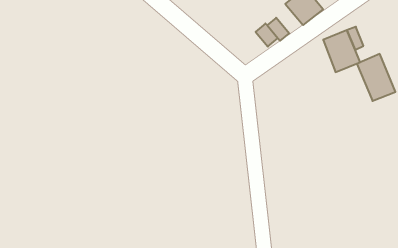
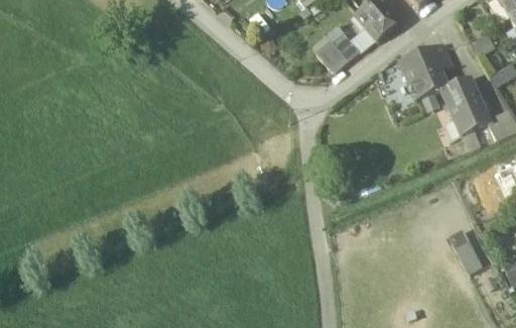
building: none -> [449,227,483,274]

